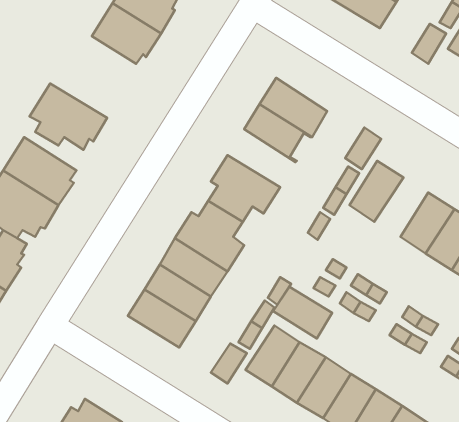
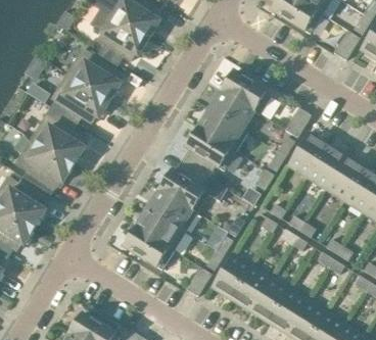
building: none -> [66,49,122,100]
building: none -> [197,108,247,151]
building: none -> [306,144,345,188]
building: [273,287,332,339] -> none

